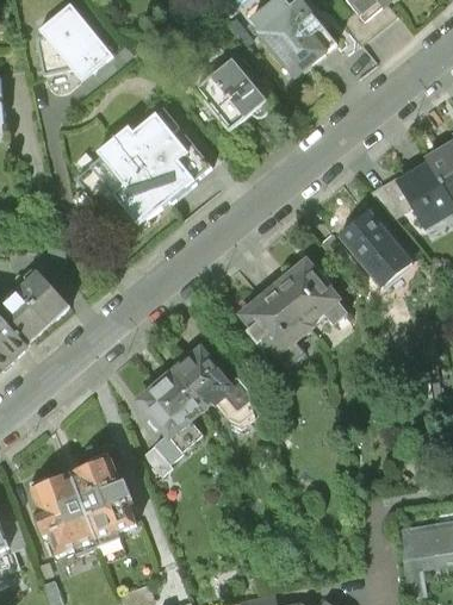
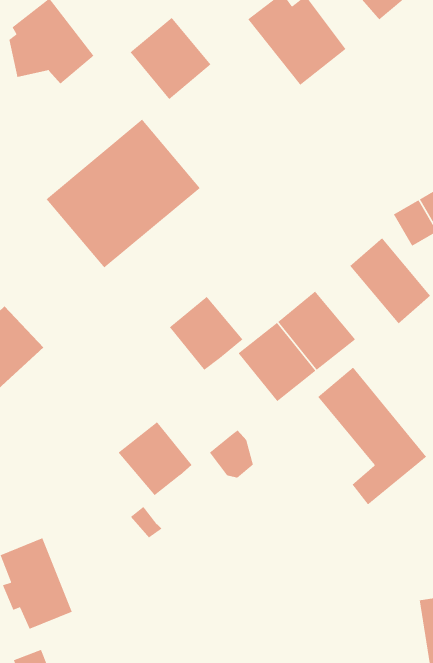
building: [194,58,266,131] -> [130,17,211,100]
building: none -> [317,367,427,505]
building: [169,344,235,410] -> [169,296,244,371]
building: [157,419,203,461] -> none
building: [69,457,135,538] -> none

